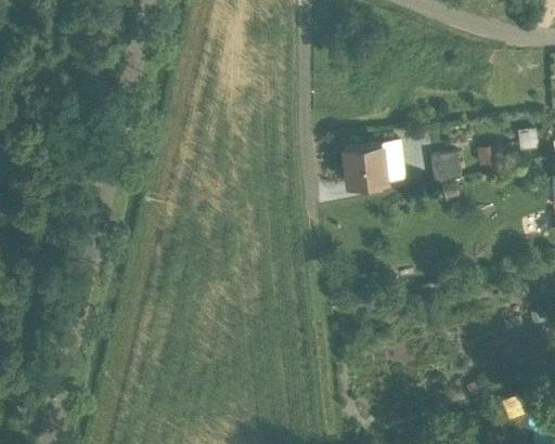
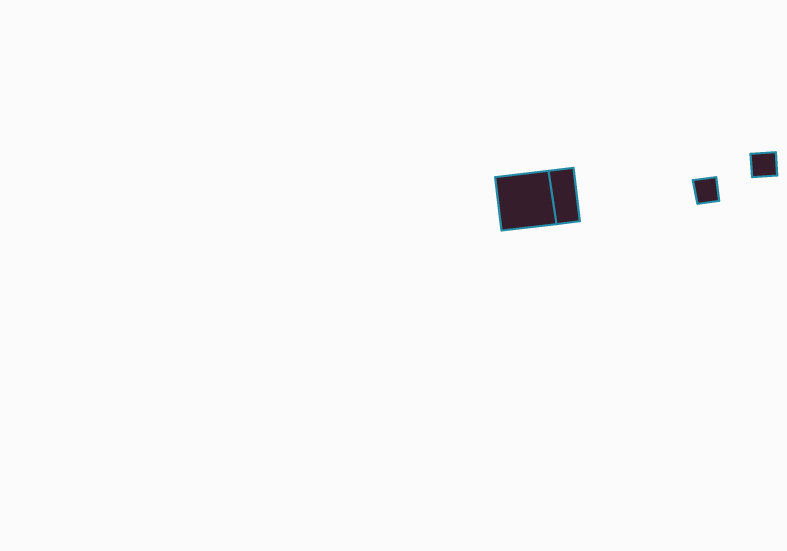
building: [430,152,462,182] -> none

